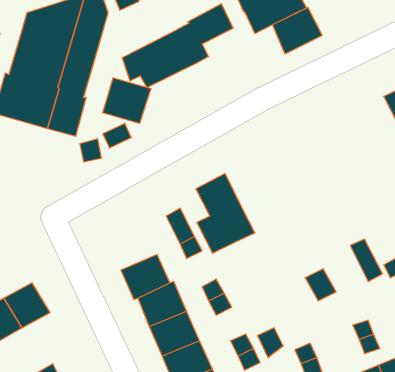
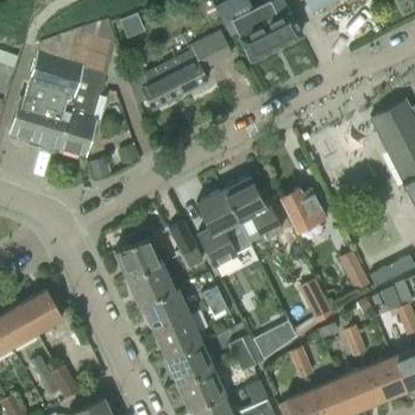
building: [272,7,322,54] -> none
building: [103,78,151,123] -> none
building: none -> [225,178,284,243]
building: none -> [281,190,327,234]
building: none -> [117,238,171,279]

